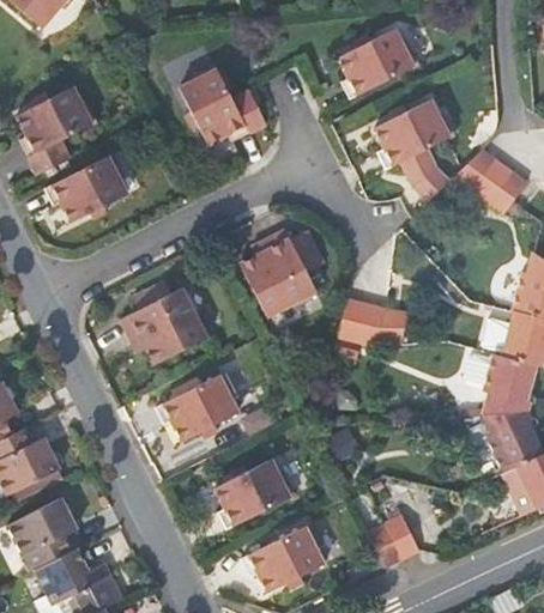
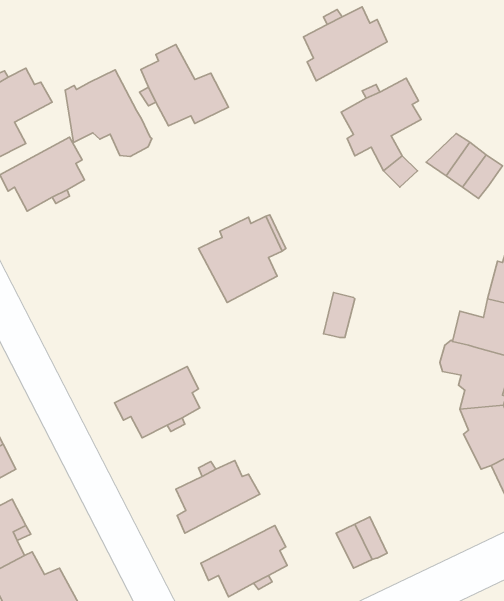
building: none -> [65,70,152,156]
building: [125,281,207,365] -> none
building: [334,297,365,356] -> none

